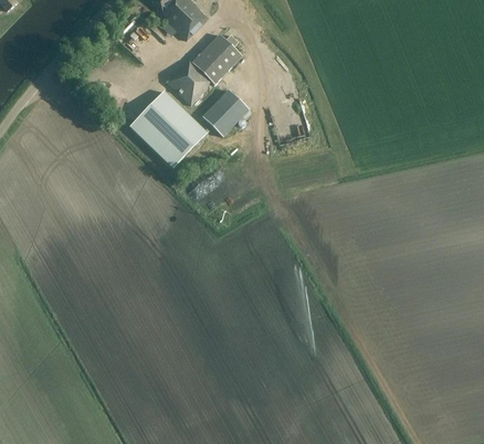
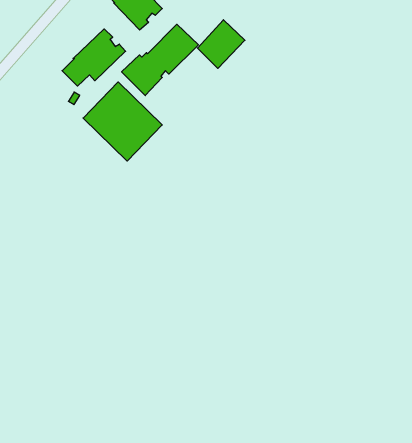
building: none -> [62,29,126,86]
building: [202,88,249,136] -> [197,20,245,68]

